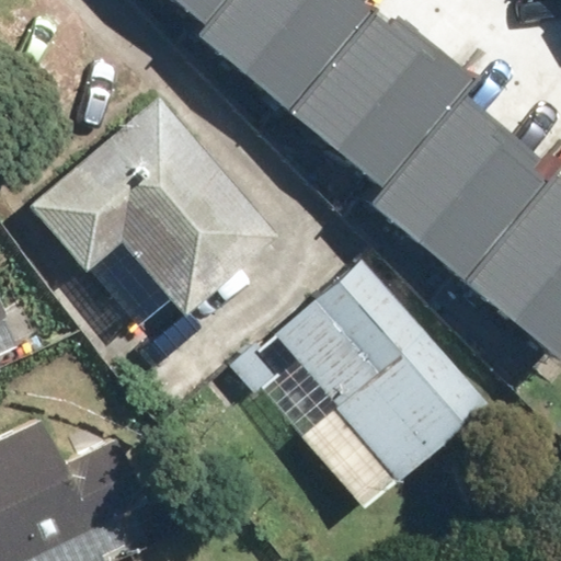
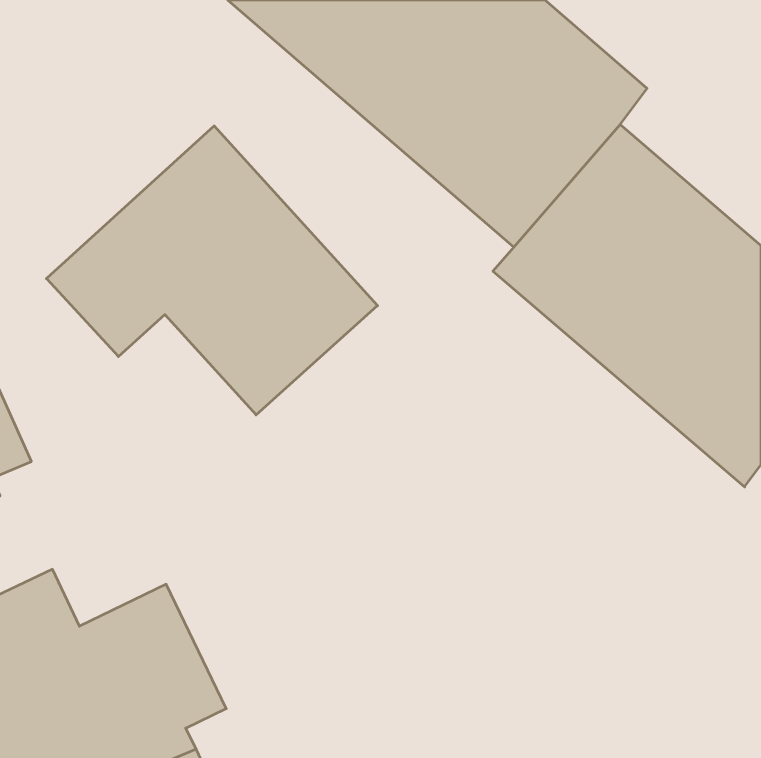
building: [276,255,486,476] -> none

